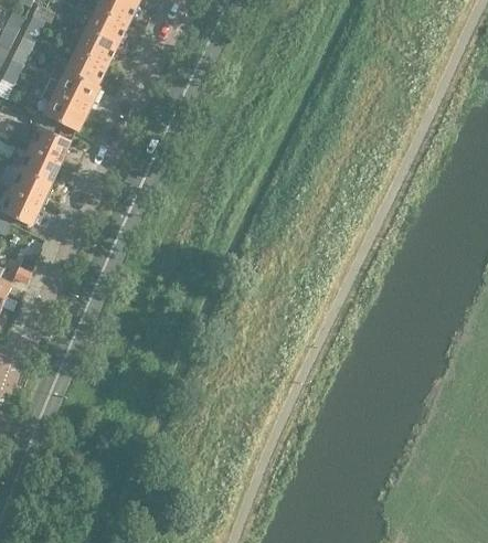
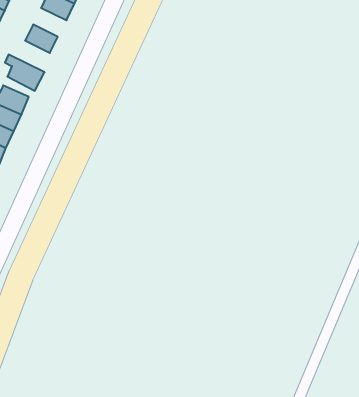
building: [65,29,116,65] -> none
building: [43,70,99,109] -> none

